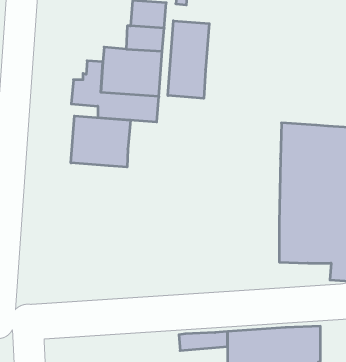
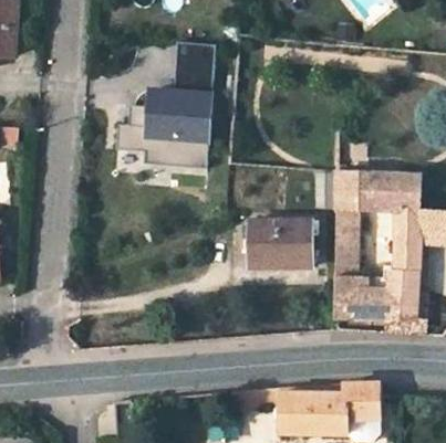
building: [168,21,209,98] -> none
building: [71,116,130,167] -> none
building: none -> [251,221,312,266]

